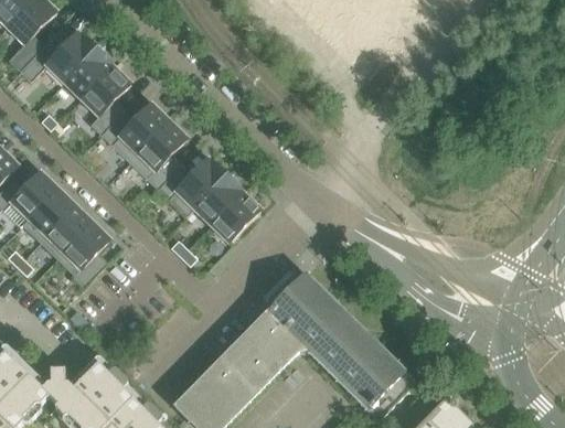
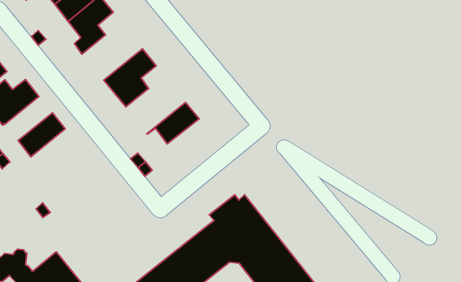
building: [100,103,169,160] -> none
building: [158,157,225,215] -> none
building: [22,188,75,240] -> none
building: [210,191,260,240] -> none
building: [56,221,110,287] -> none

